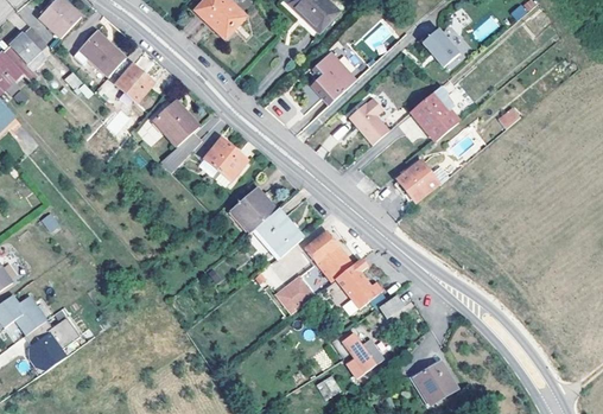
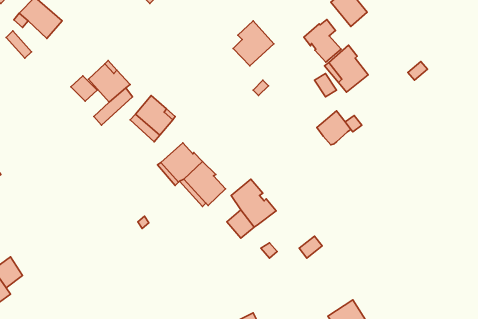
building: [115,65,153,103] -> none
building: [348,91,388,138] -> [304,19,341,62]
building: [337,256,383,307] -> none
building: [279,275,318,312] -> none
building: [347,332,387,370] -> none

